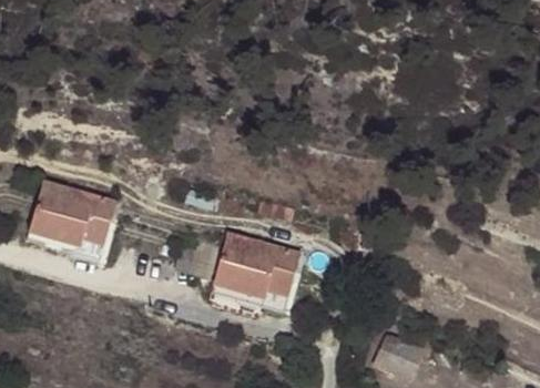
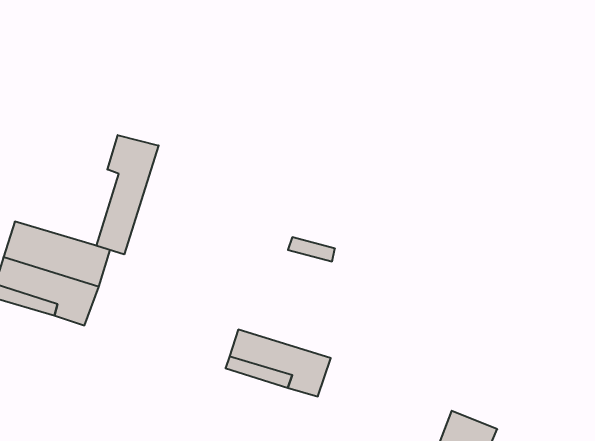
building: none -> [96,135,159,254]
building: [220,233,300,283] -> none

